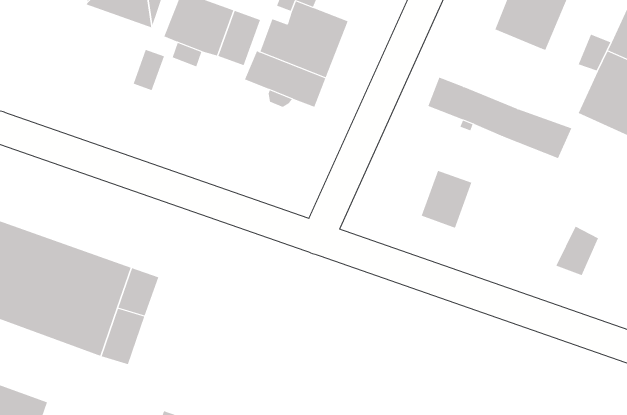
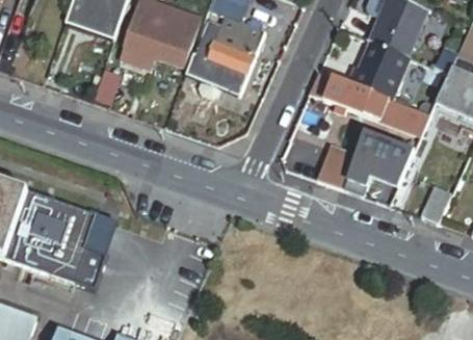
building: none -> [348,38,406,98]
building: none -> [342,130,413,194]

